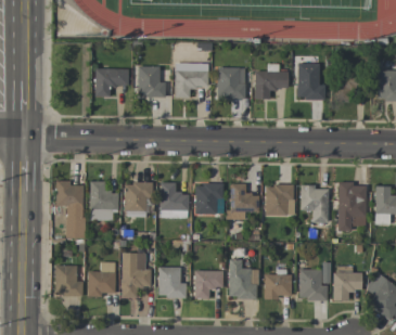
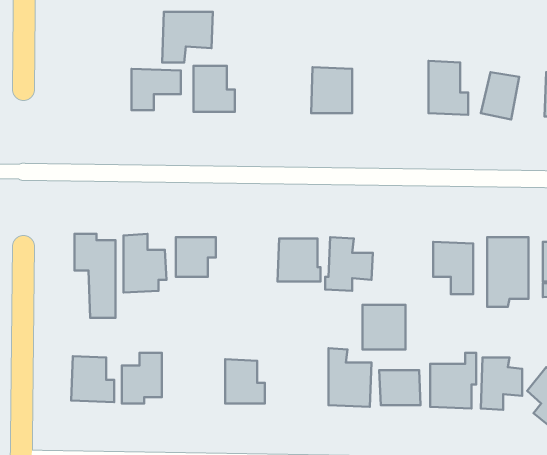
building: [174,63,208,98] -> [162,12,213,62]
building: [254,64,288,99] -> none
building: [159,182,188,218] -> none
building: [265,185,294,216] -> [363,305,406,349]
building: [120,253,151,298] -> none
building: [193,270,222,298] -> none

